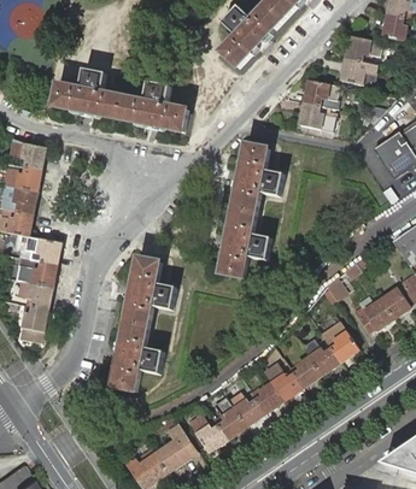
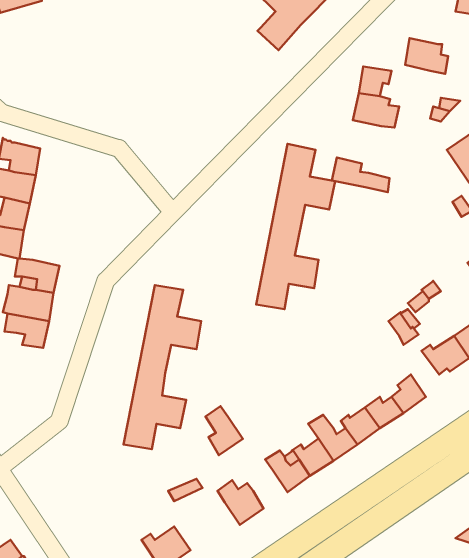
building: [345,36,382,63] -> none
building: [47,69,180,131] -> none
building: none -> [332,158,390,192]
building: [20,305,48,342] -> none
building: [216,399,246,438] -> [206,406,243,455]
building: [154,424,198,472] -> none

